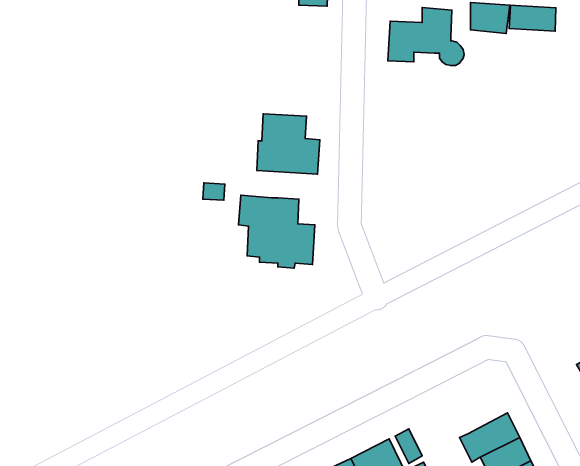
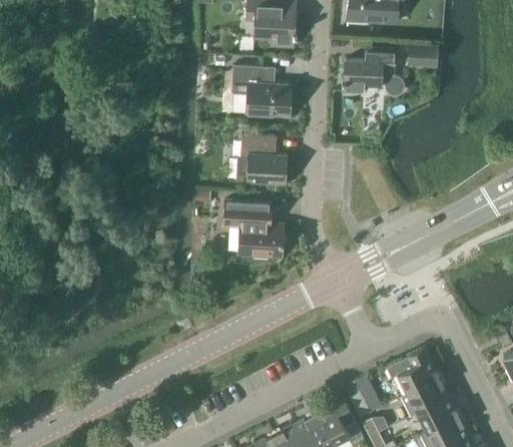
building: [509,5,556,31] -> none
building: none -> [231,65,292,115]
building: none -> [386,348,440,394]

